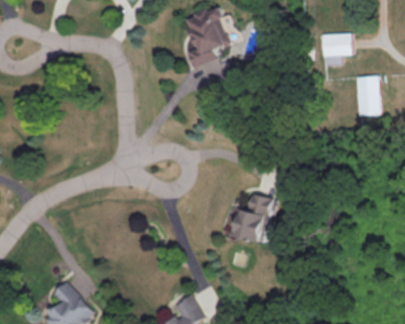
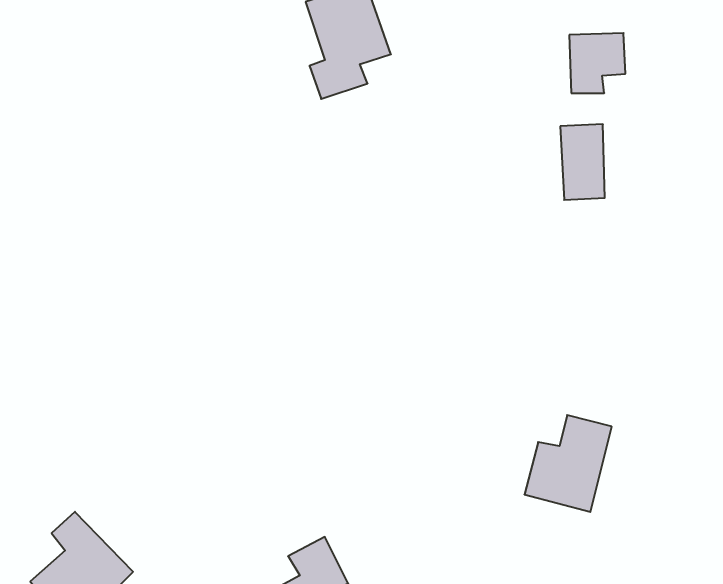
building: [356,75,379,115] -> [560,124,605,200]
building: [231,193,276,244] -> [524,415,612,512]

